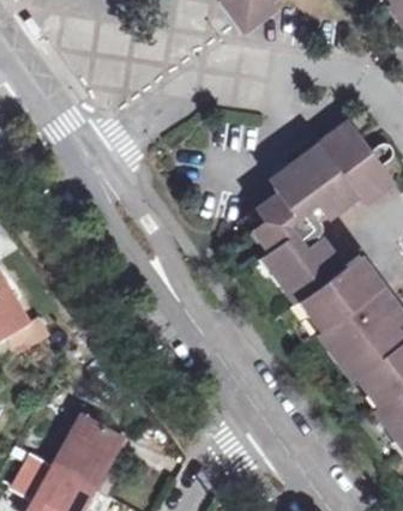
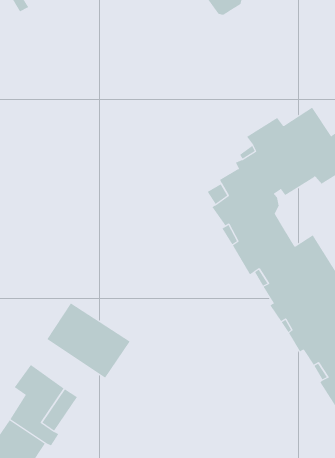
building: none -> [46,303,131,379]

